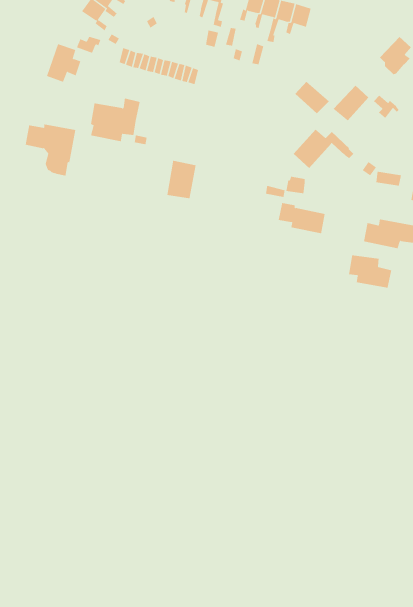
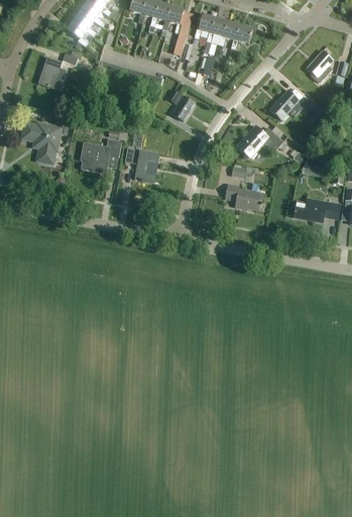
building: [295,81,330,114] -> none
building: none -> [168,91,195,121]
building: [90,98,140,142] -> [81,138,121,174]
building: [349,254,392,288] -> none

